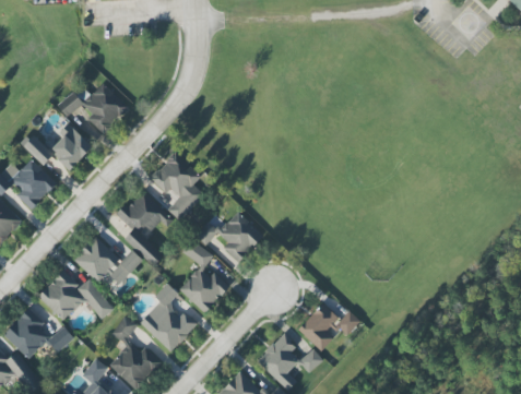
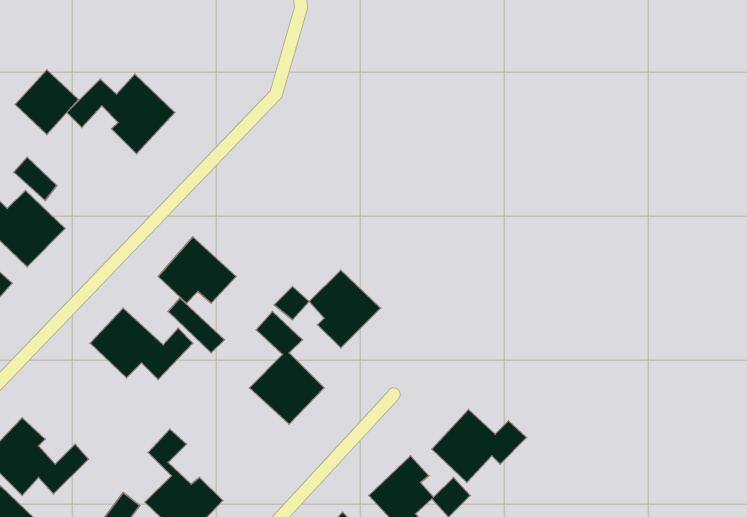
building: [49,129,91,171] -> [15,70,78,134]
building: [150,152,204,220] -> none
building: [38,272,113,321] -> none
building: [140,286,194,353] -> none

